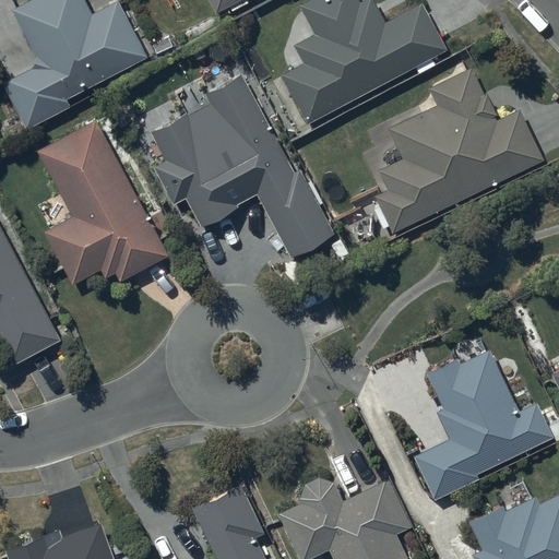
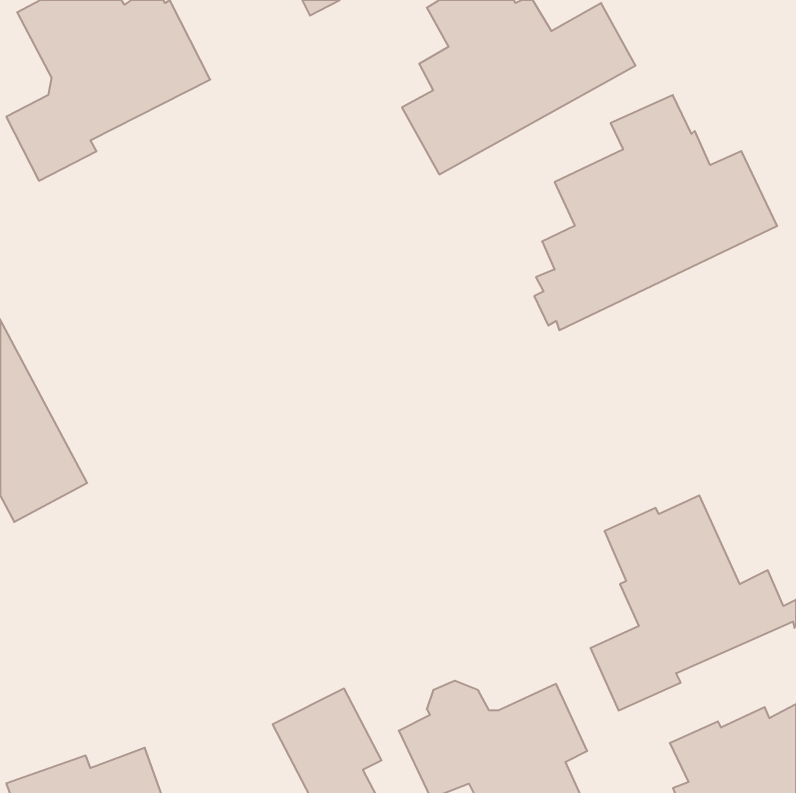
building: [145,69,340,264] -> none
building: [38,121,169,285] -> none

